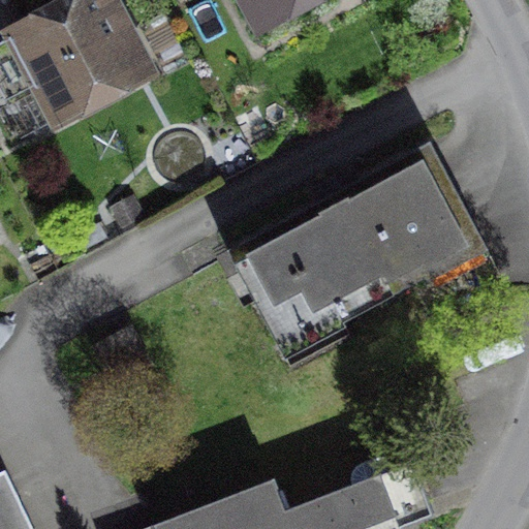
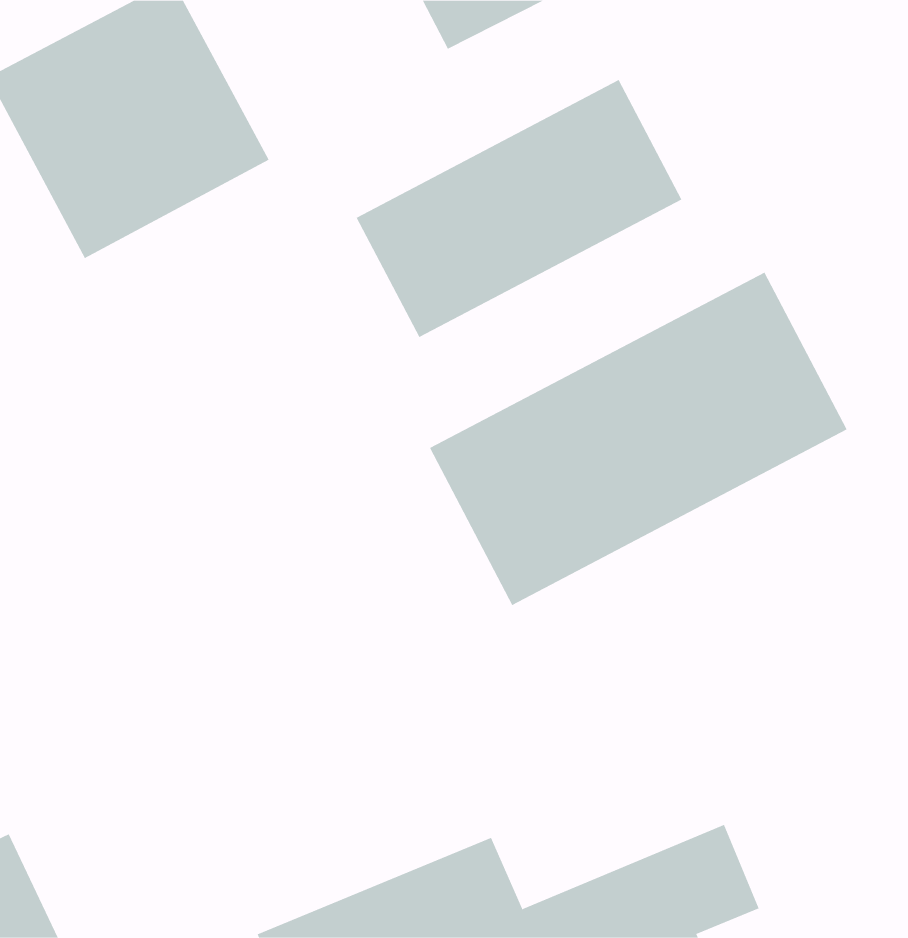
building: none -> [356,79,682,338]

